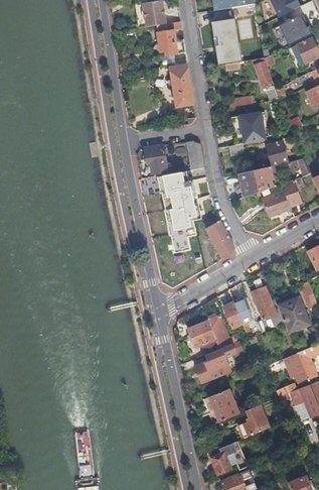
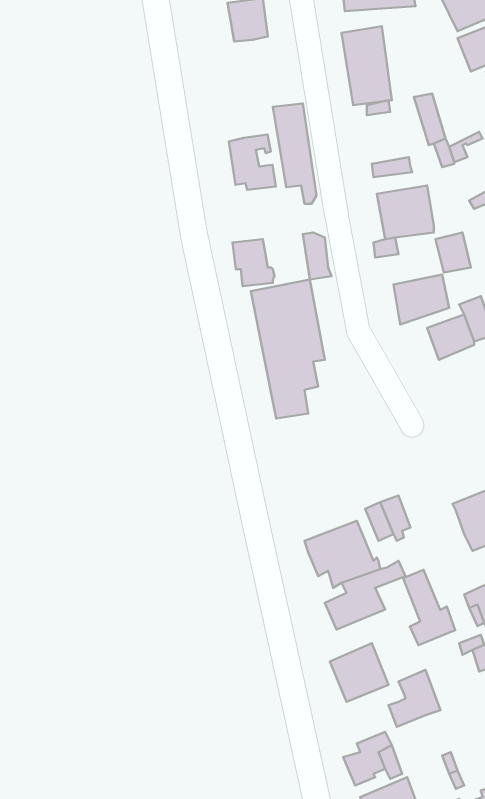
building: [157,21,185,54] -> [229,135,276,190]
building: [204,218,234,258] -> none
building: [253,286,284,332] -> [403,570,455,645]

